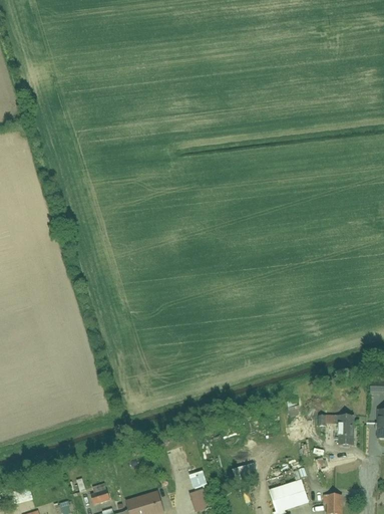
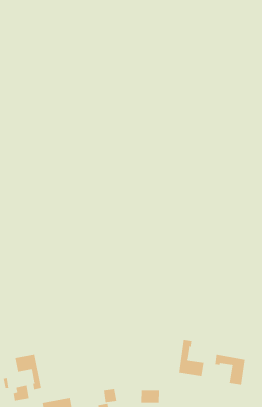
building: none -> [179,339,204,377]
building: none -> [15,354,42,390]

